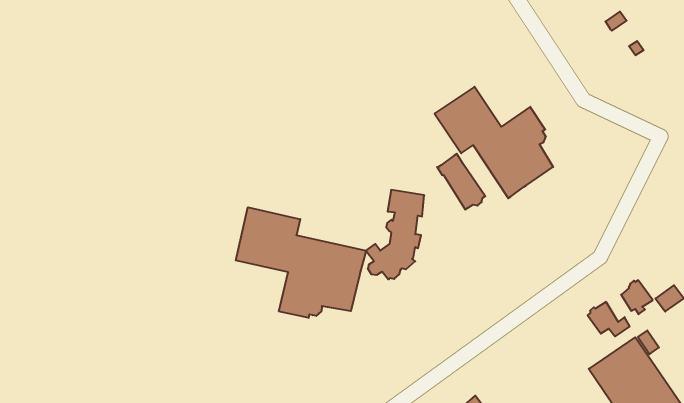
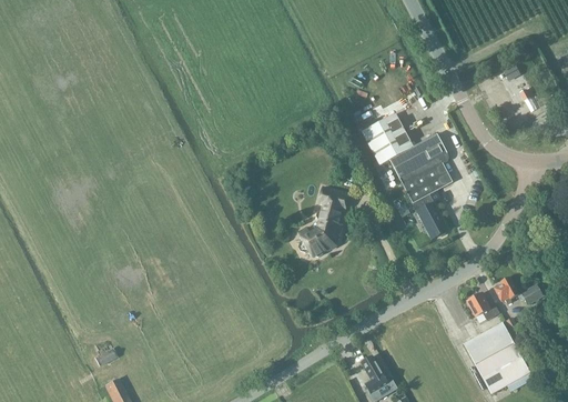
building: [437,154,485,210] -> [413,194,448,239]
building: [236,207,366,318] -> none

